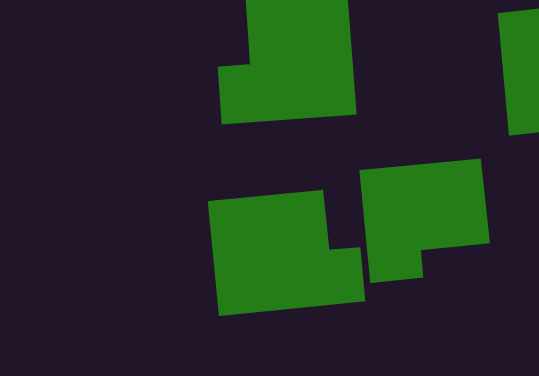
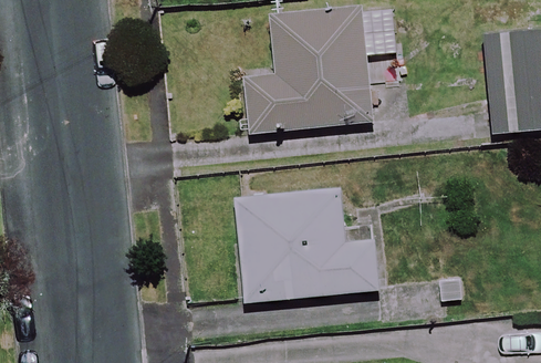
building: [359,158,491,284] -> none

